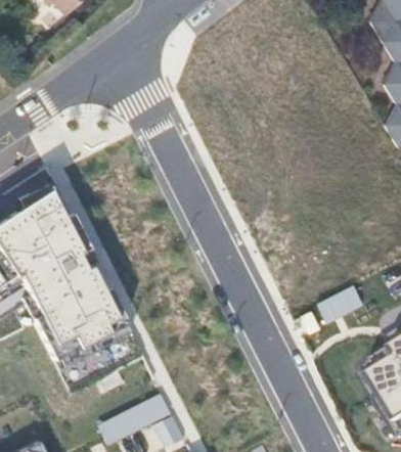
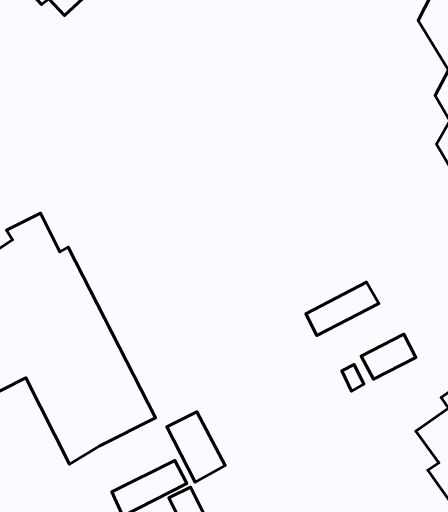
building: none -> [306,282,379,336]
building: none -> [167,412,225,482]

